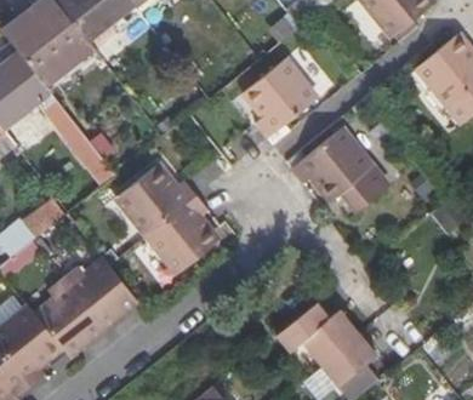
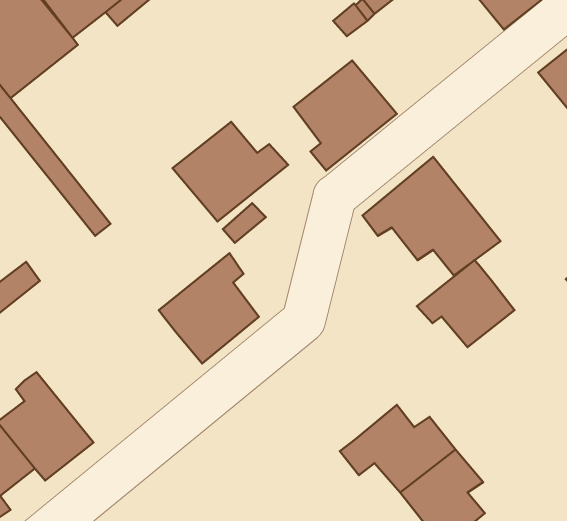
building: [118,165,199,235] -> [173,122,288,222]
building: none -> [417,260,514,347]
building: [63,259,137,328] -> none

